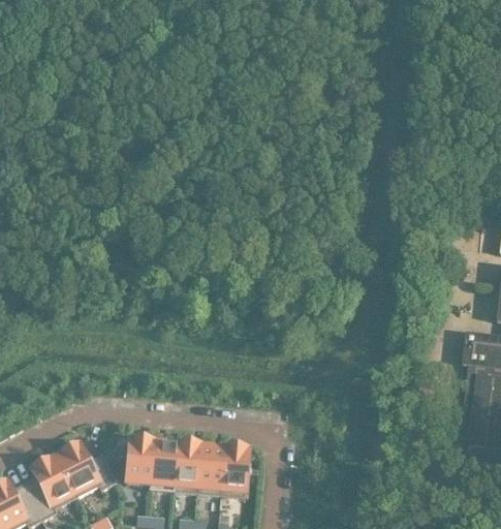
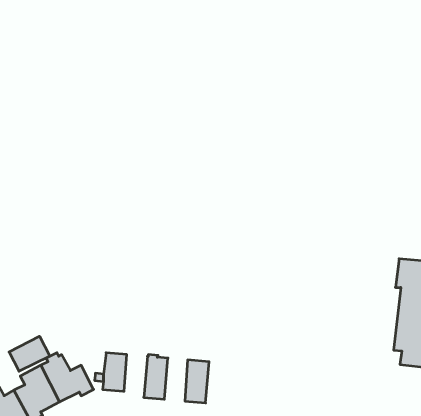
building: none -> [9,336,50,371]
building: [150,439,179,489] -> none
building: [198,443,225,493] -> none

